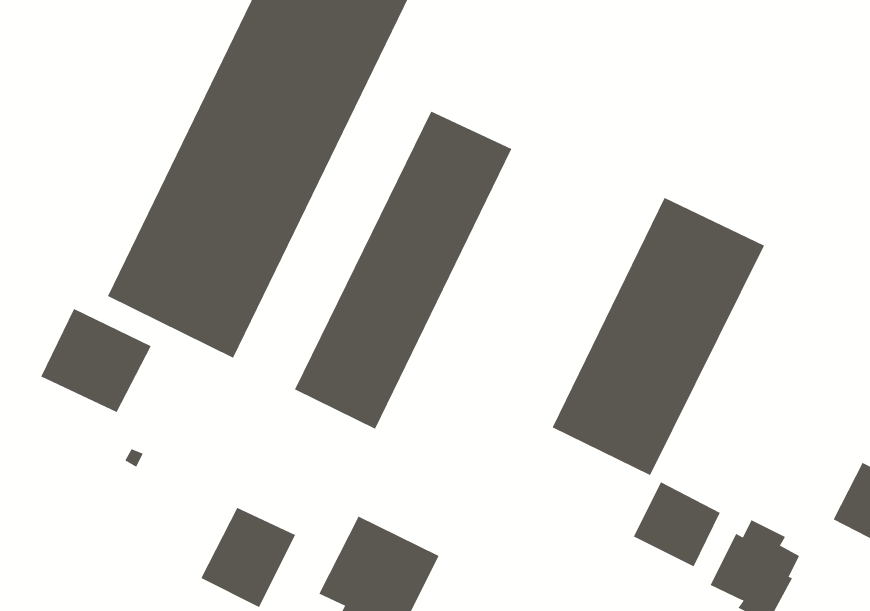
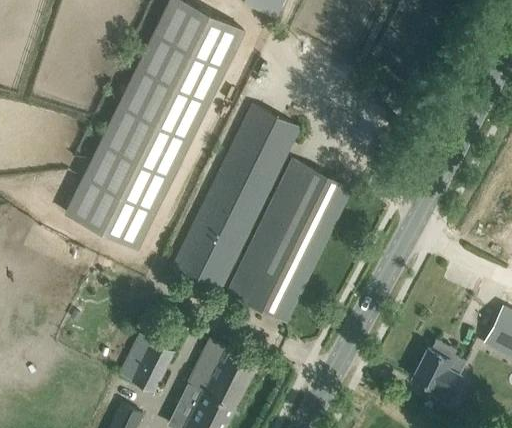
building: [552,197,765,476] -> [228,161,351,322]
building: [40,308,151,413] -> none
building: [633,482,720,567] -> none

